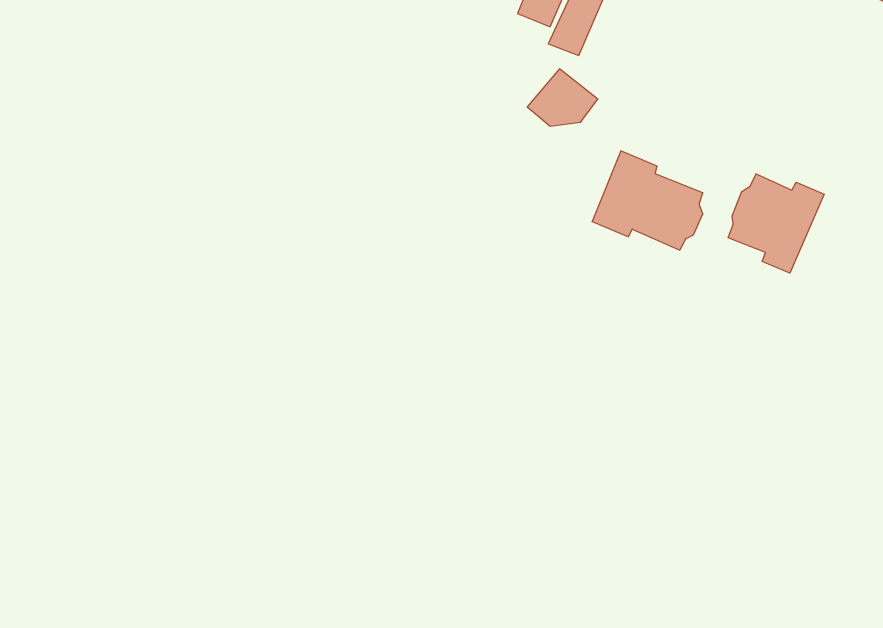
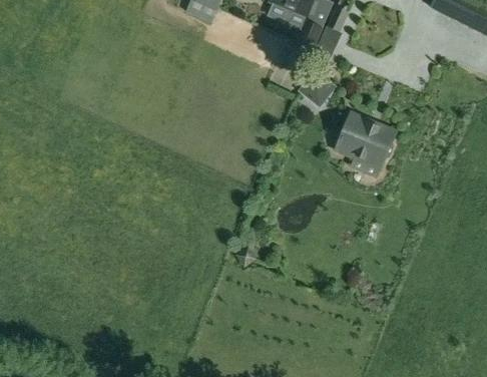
building: [728,174,824,273] -> none

